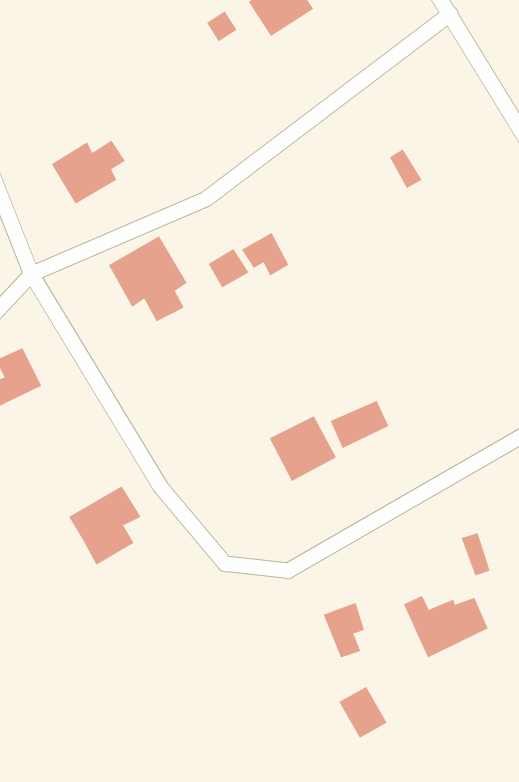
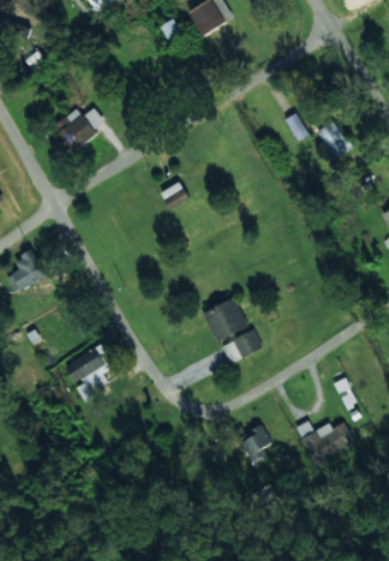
building: none -> [317,120,352,159]
building: [241,232,289,276] -> none
building: [108,236,188,322] -> none
building: [330,400,389,449] -> [222,329,263,363]

